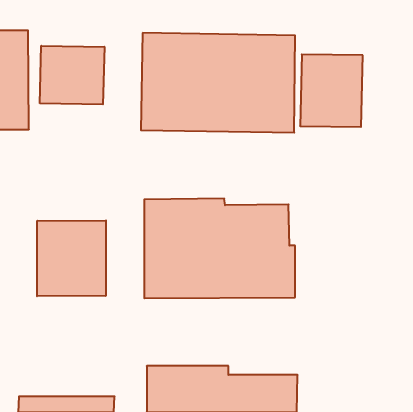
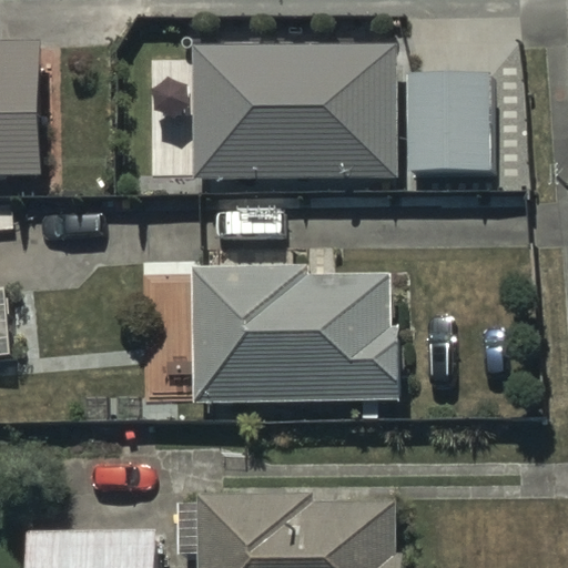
building: [40,46,104,104] -> none
building: [37,220,106,296] -> none

